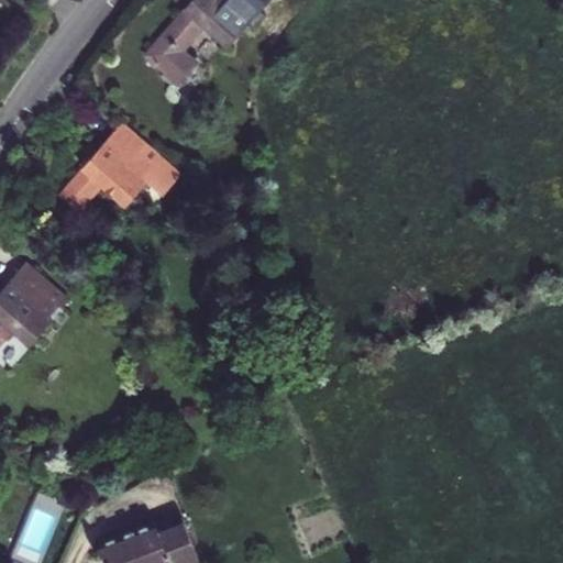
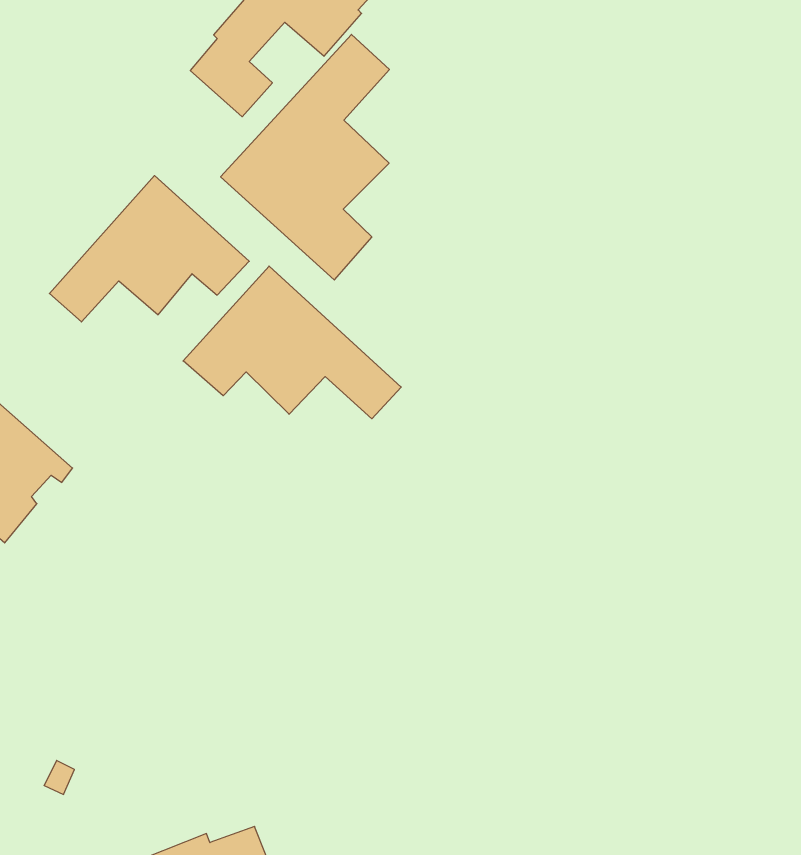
building: none -> [221,34,389,280]
building: none -> [183,266,401,419]

